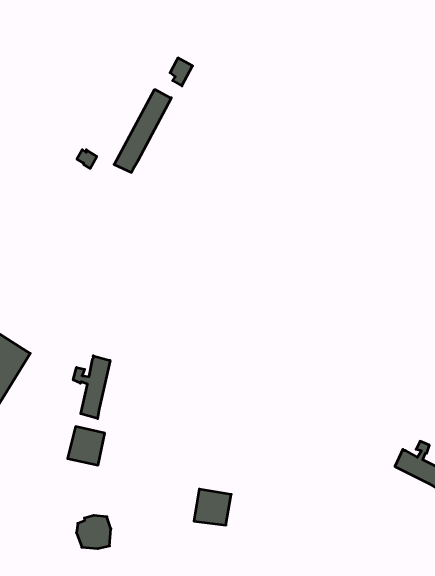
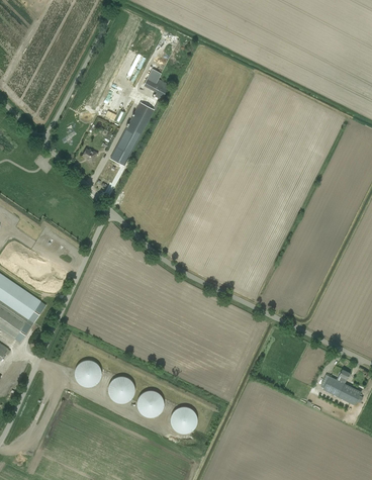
building: [73,356,110,419] -> none
building: none -> [136,389,164,418]
building: [76,515,111,549] -> [107,377,133,402]

